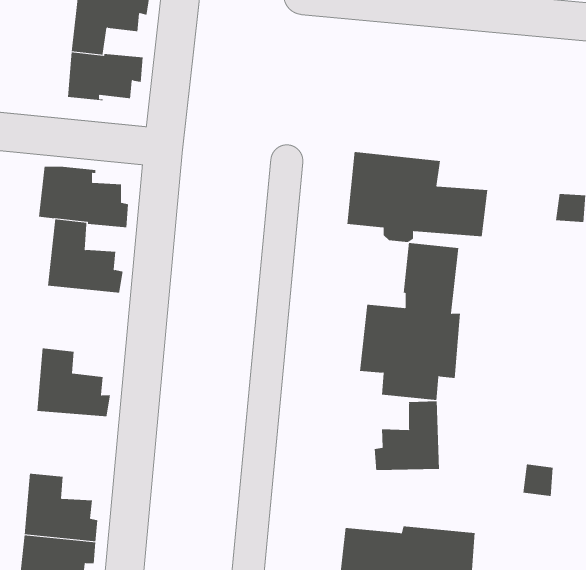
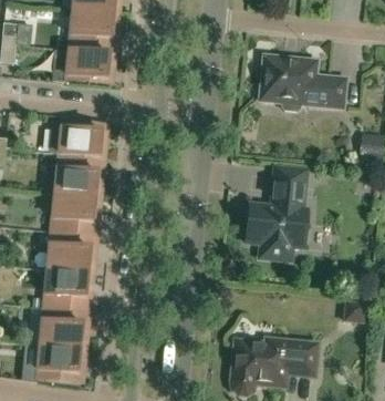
building: [347,152,488,242] -> [260,54,346,110]
building: none -> [52,193,100,235]
building: [374,400,439,471] -> none
building: none -> [44,269,92,309]

